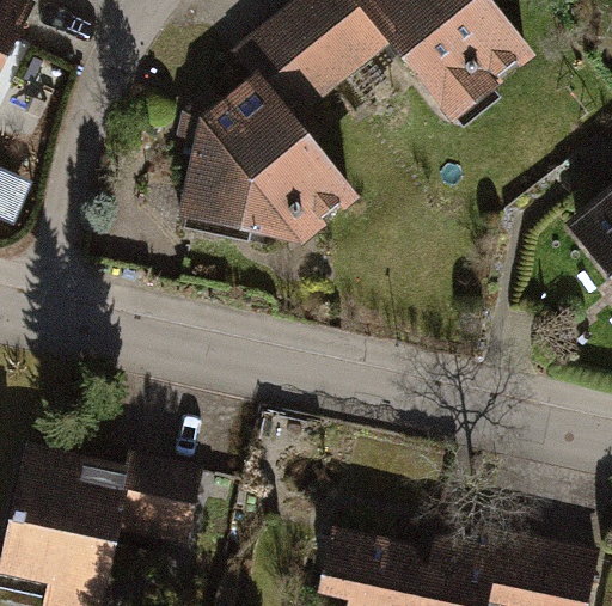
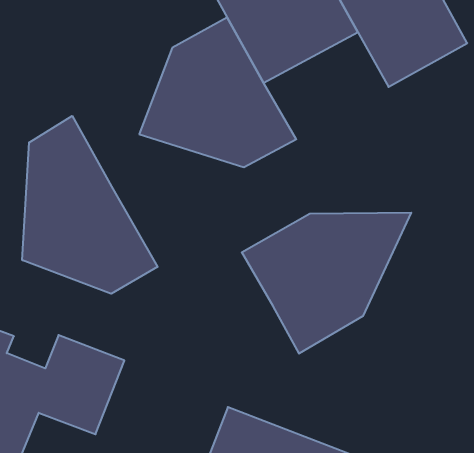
building: none -> [22,116,158,294]
building: none -> [242,213,411,354]

